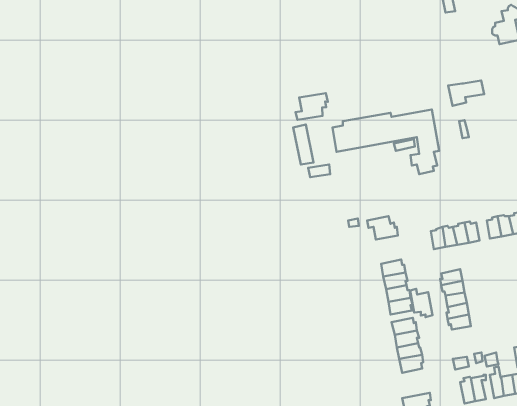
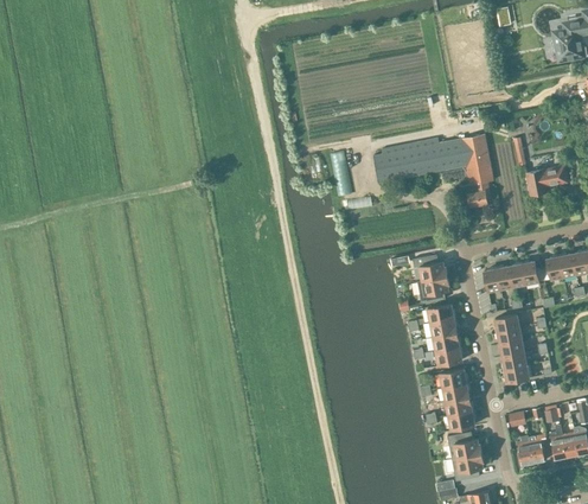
building: [448,80,484,106] -> [526,167,567,196]
building: [296,93,328,120] -> none
building: none -> [417,276,449,305]
building: [410,289,432,317] -> none
building: none -> [447,432,482,459]

